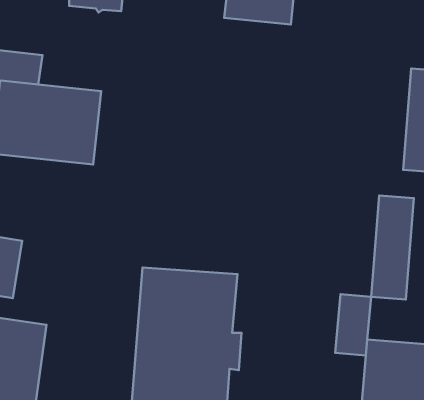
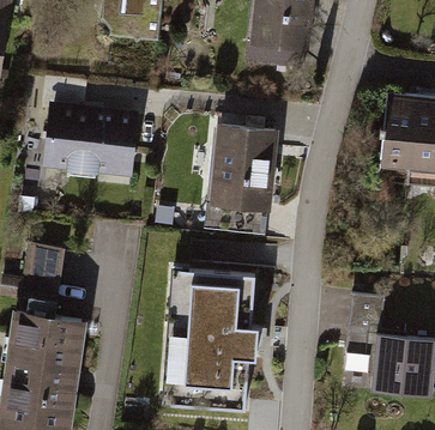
building: none -> [207,125,276,212]
building: [371,195,414,299] -> [376,89,415,182]

